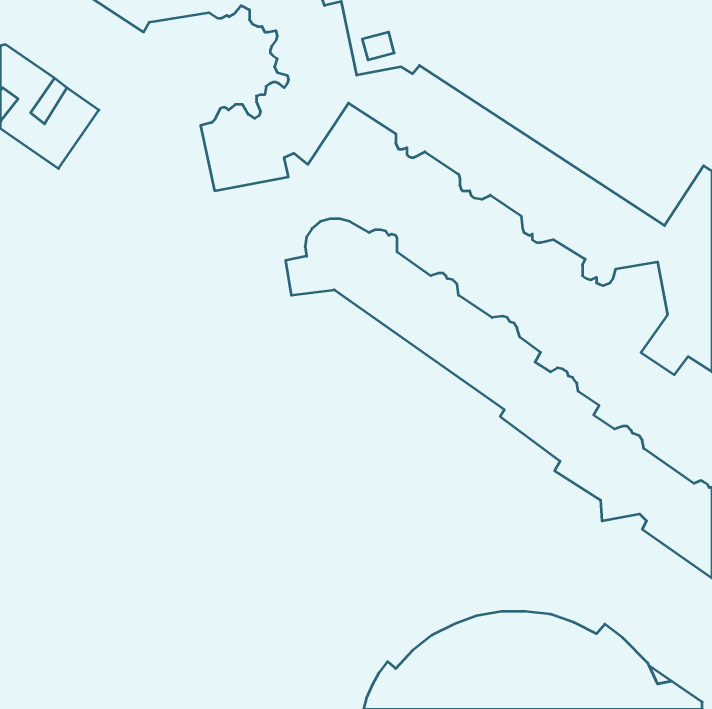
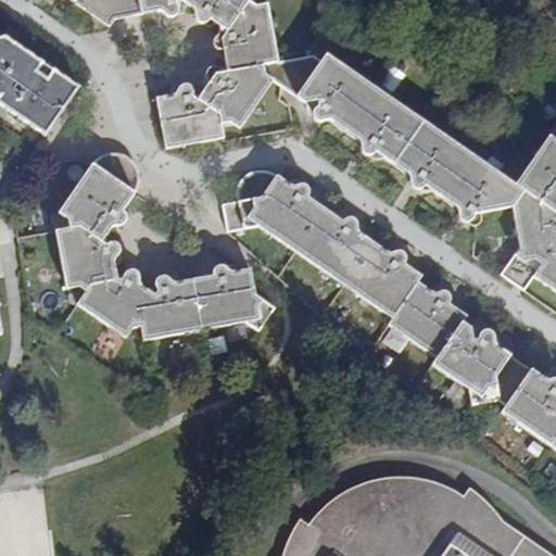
building: none -> [52,151,274,345]

